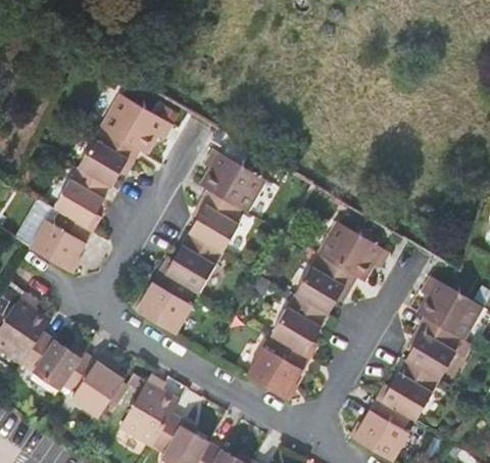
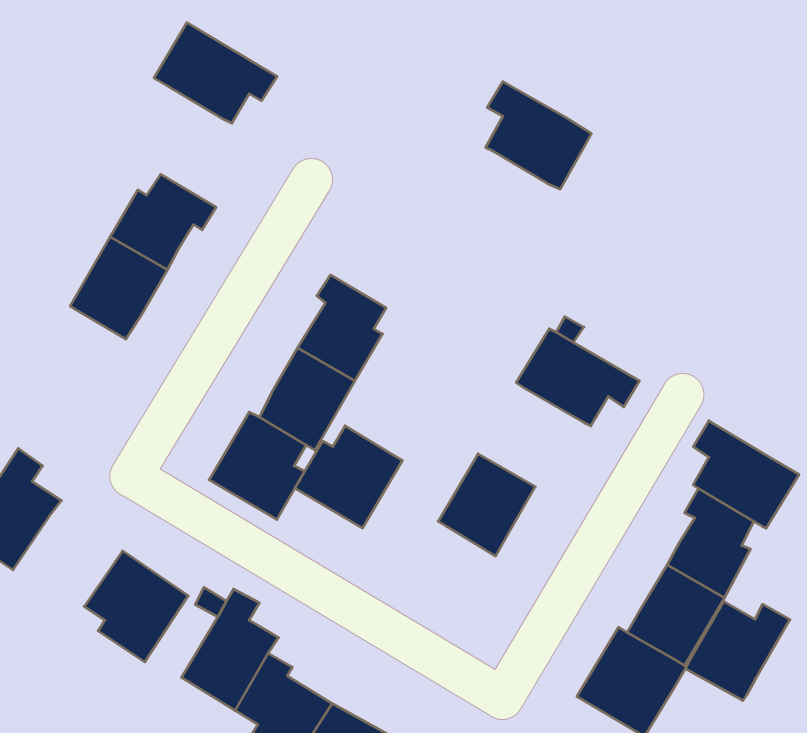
building: [100,93,173,152] -> [154,23,277,123]
building: [203,148,265,212] -> [486,82,591,189]
building: [17,211,93,271] -> none
building: [294,252,356,314] -> none
building: [20,331,81,388] -> none
building: [246,337,309,398] -> [295,426,402,528]
building: none -> [685,602,790,701]

